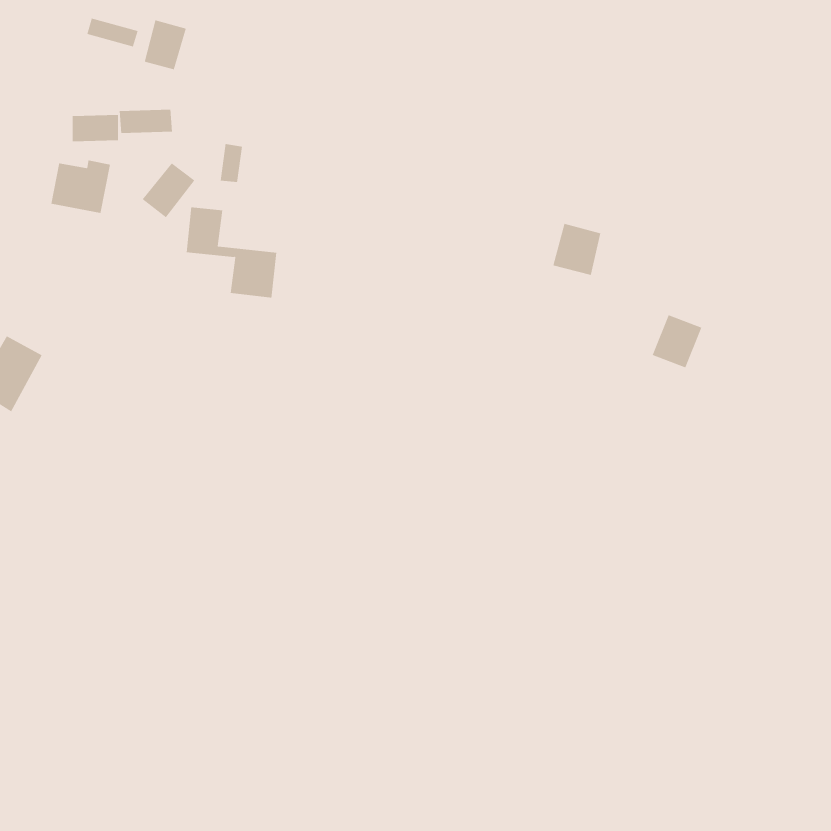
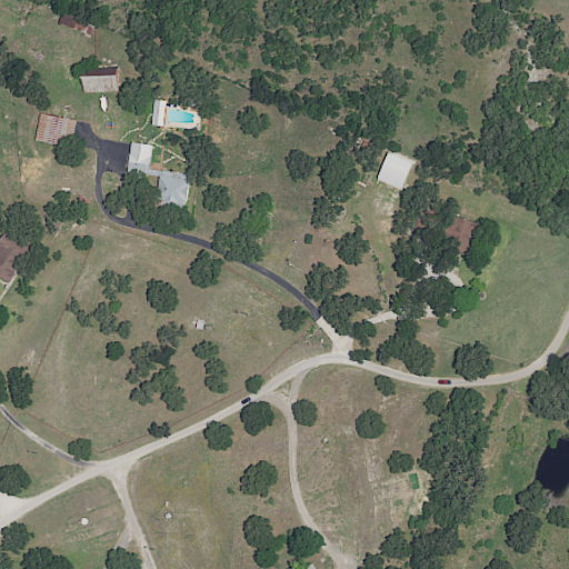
building: [144,20,186,70] -> none
building: [72,114,118,142] -> none
building: [142,162,195,218] -> none

